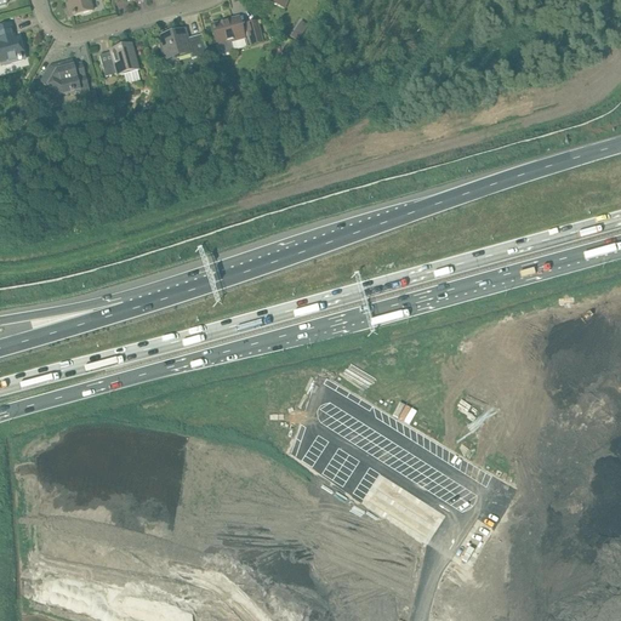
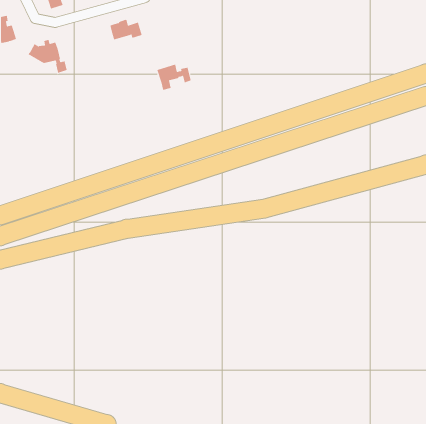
building: [211,15,262,53] -> [157,64,192,91]
building: [99,41,137,74] -> none

